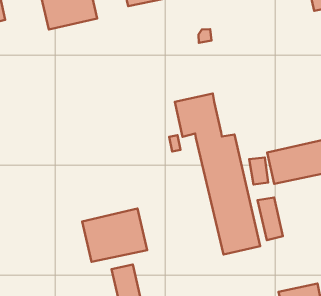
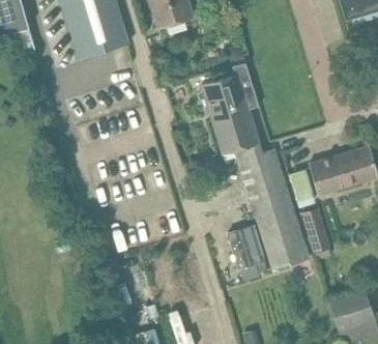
building: none -> [198,63,260,120]
building: none -> [227,224,265,269]
building: [82,209,147,262] -> none

